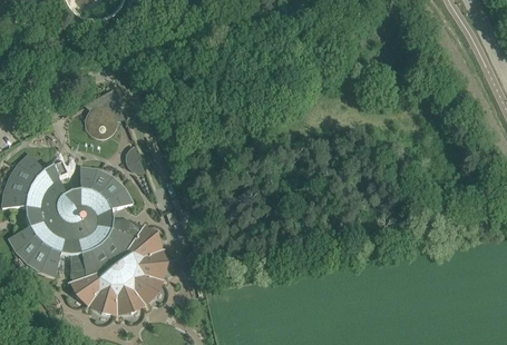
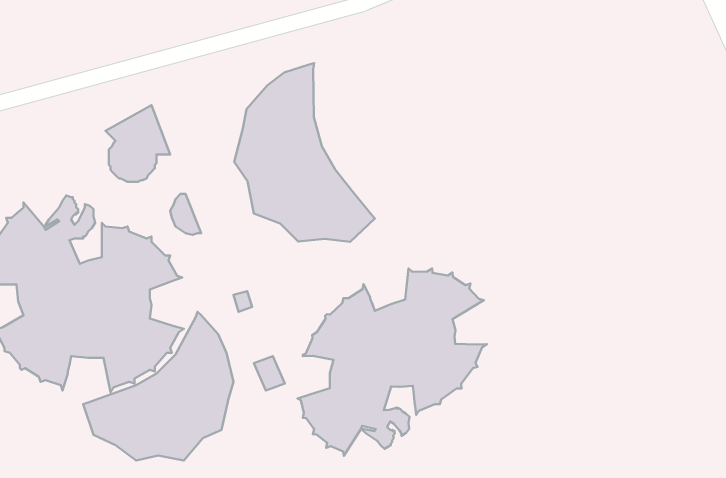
building: none -> [234,63,375,242]
building: none -> [297,269,487,456]

